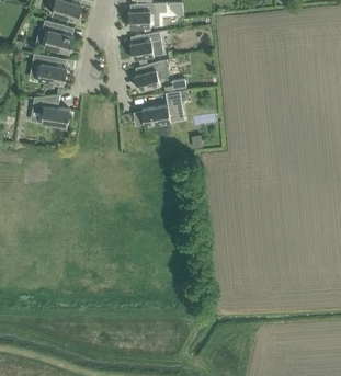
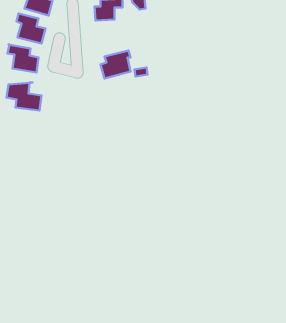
building: [129,32,163,59] -> none
building: [134,91,184,126] -> none

